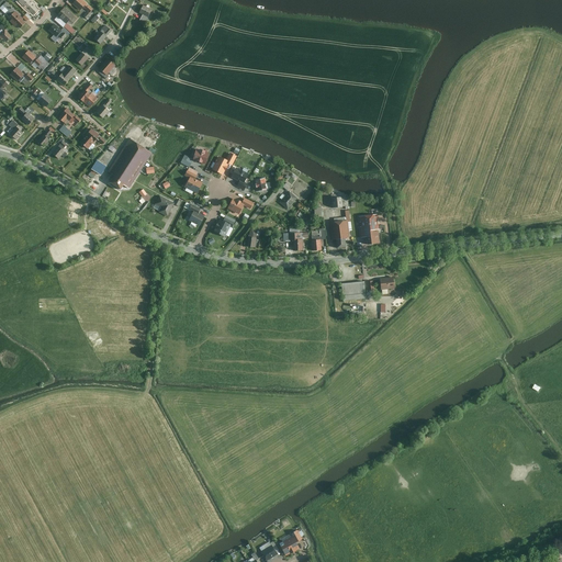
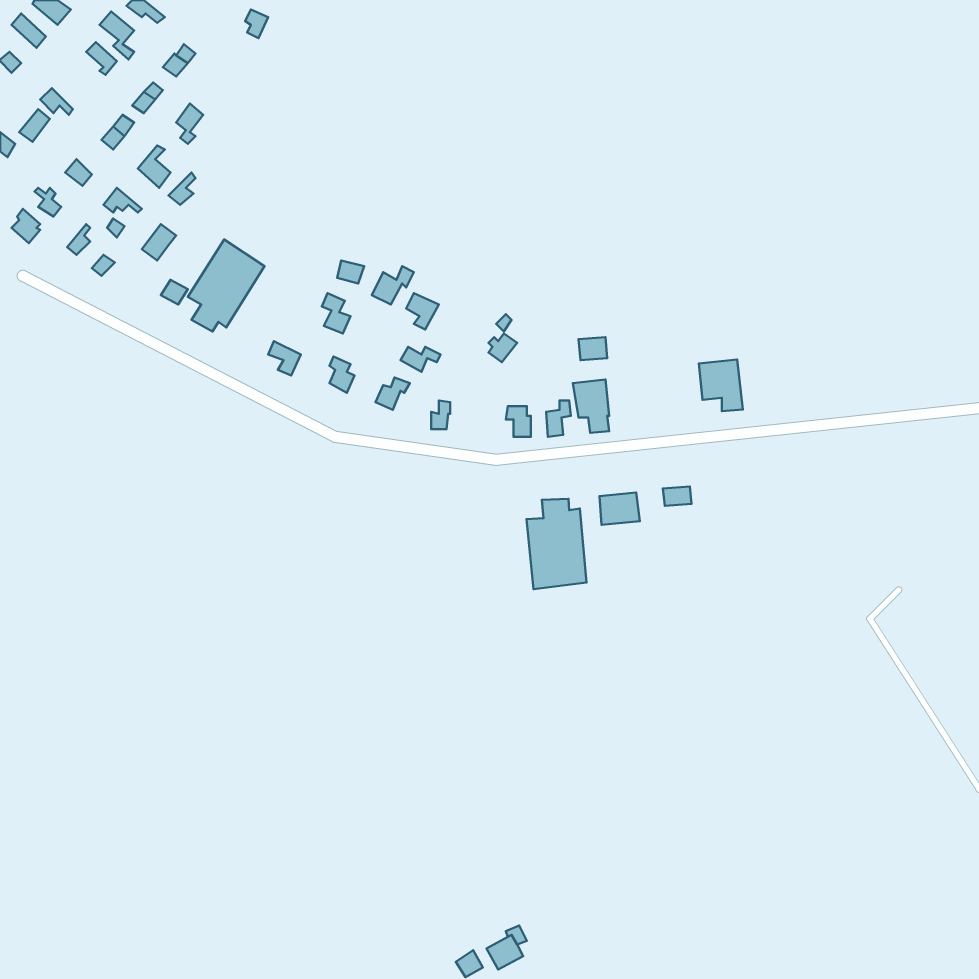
building: [356,214,381,244] -> [699,360,743,411]
building: none -> [526,499,587,589]

